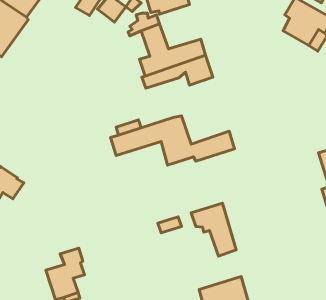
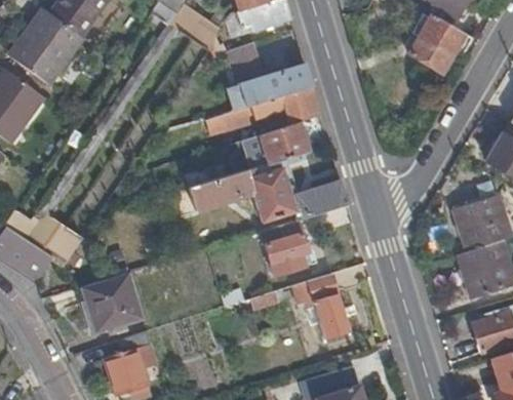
building: none -> [260,121,308,162]
building: none -> [261,217,313,274]
building: none -> [82,270,144,331]

